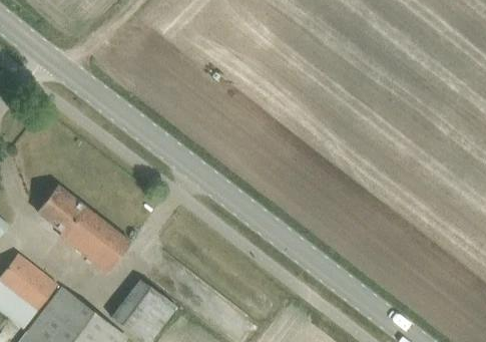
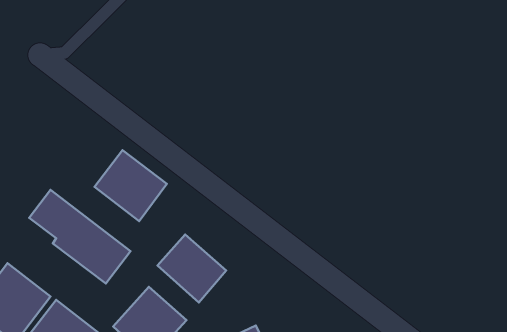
building: none -> [94,150,167,221]
building: none -> [158,235,226,303]

